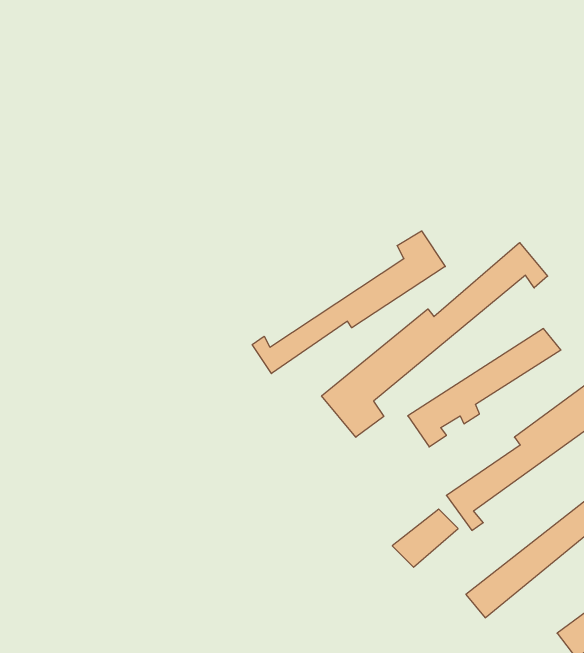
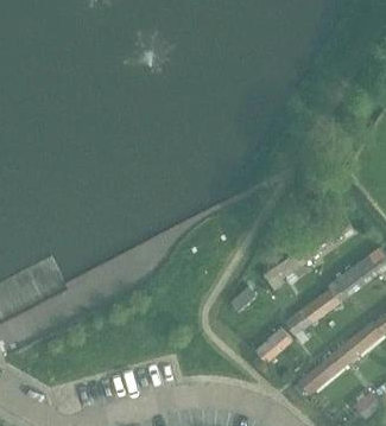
building: [252,231,445,374] -> none
building: [322,243,548,437] -> none

